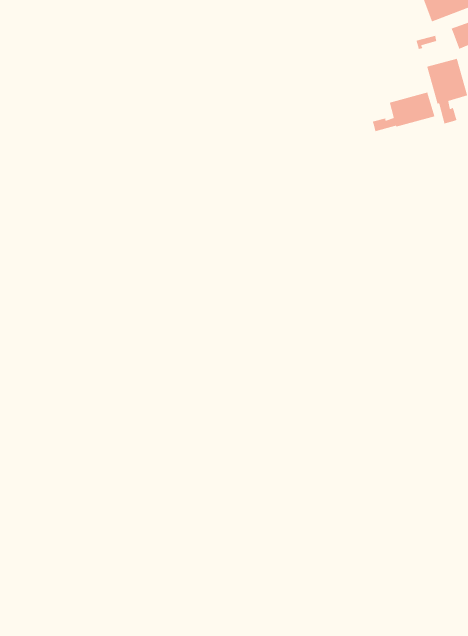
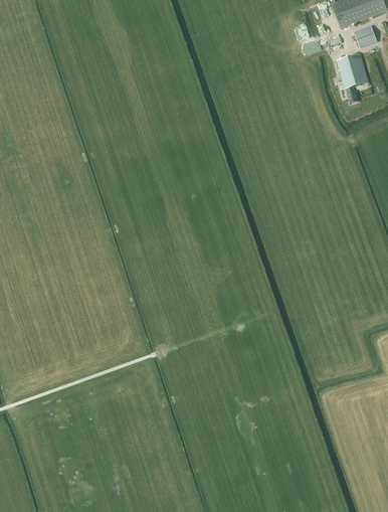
building: [372,92,435,132] -> none

